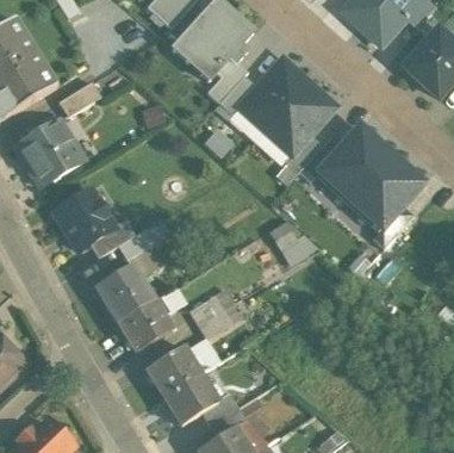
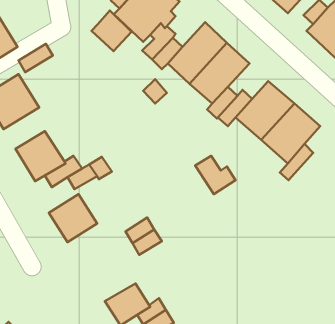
building: none -> [92,11,132,51]
building: [117,300,170,349] -> none
building: [144,345,199,395] -> none

